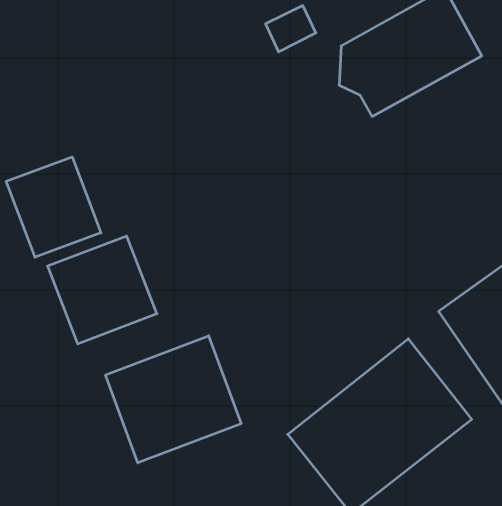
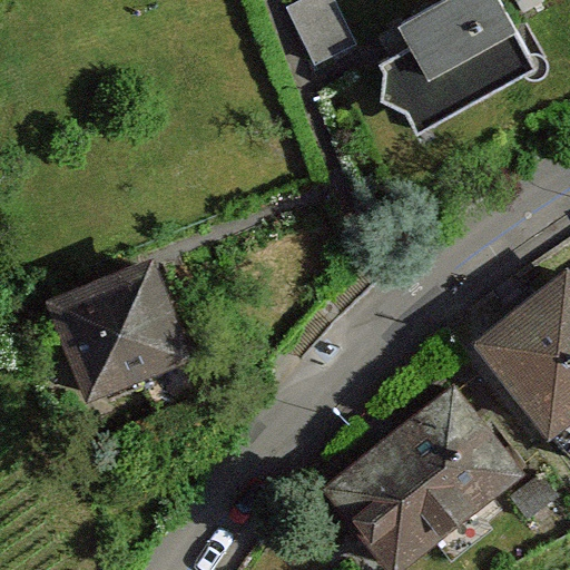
building: [6,157,101,257] -> none
building: [106,336,241,463] -> none

